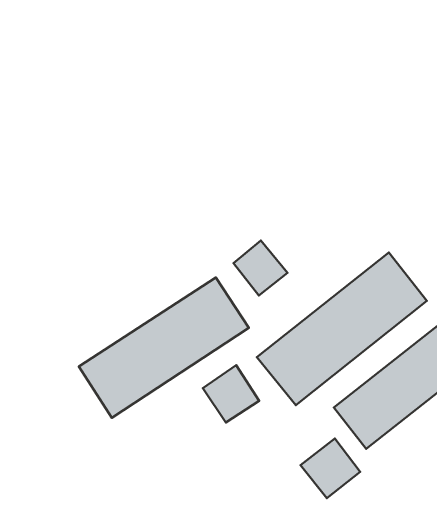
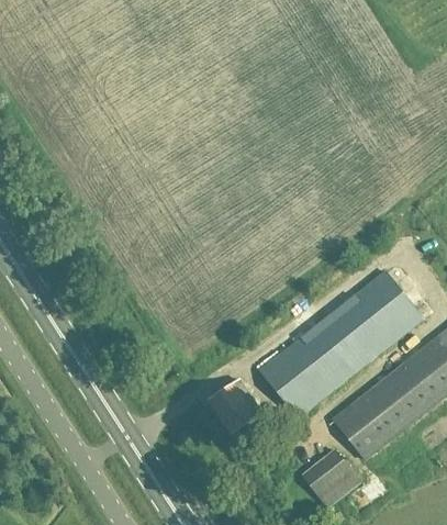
building: [233,240,287,296] -> none
building: [79,278,249,418] -> none

